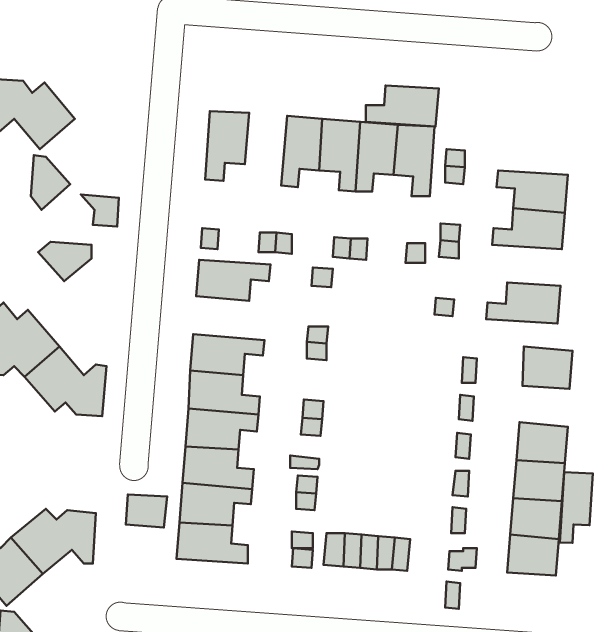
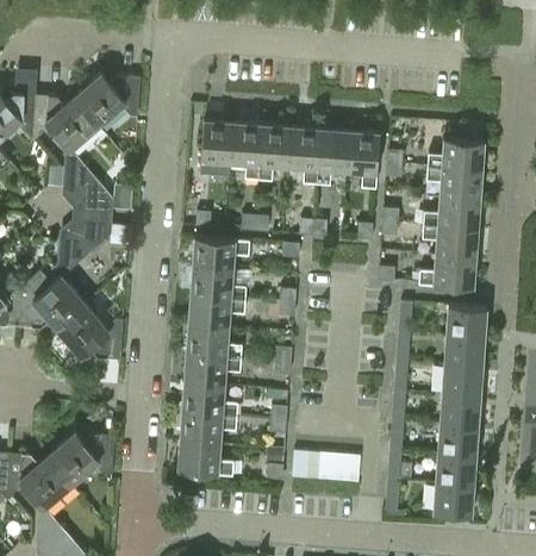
building: none -> [73,75,139,127]
building: [366,85,439,126] -> [429,139,486,171]
building: none -> [230,123,263,180]
building: none -> [70,179,112,211]
building: none -> [423,226,479,258]
building: none -> [56,232,88,274]
building: none -> [189,267,247,301]
building: none -> [445,337,485,369]
building: [560,472,593,543] -> none
building: [126,494,167,527] -> none
building: none -> [435,483,474,517]

